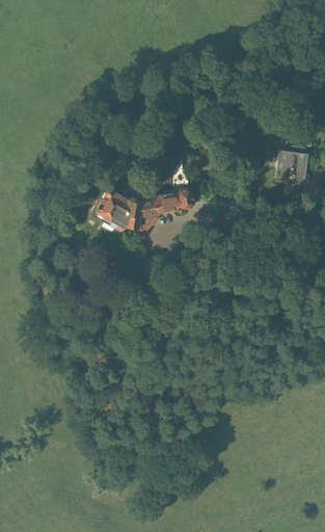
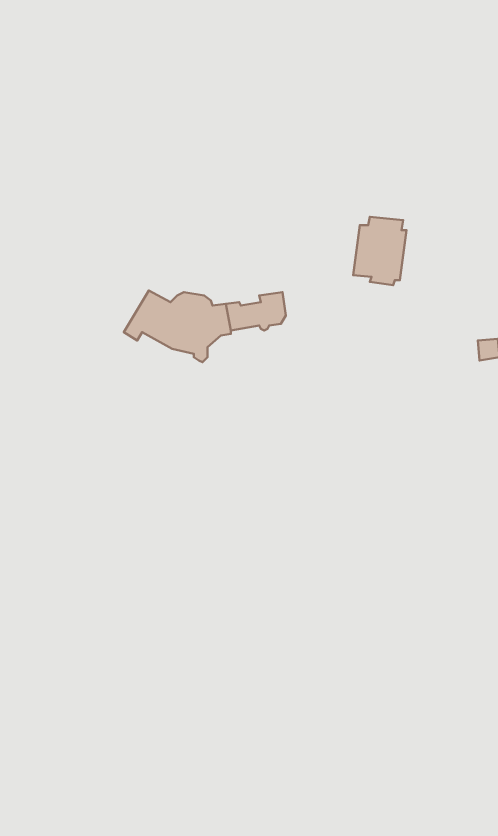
building: [274,150,307,192] -> [353,217,407,285]

